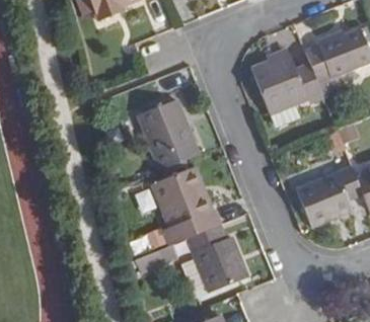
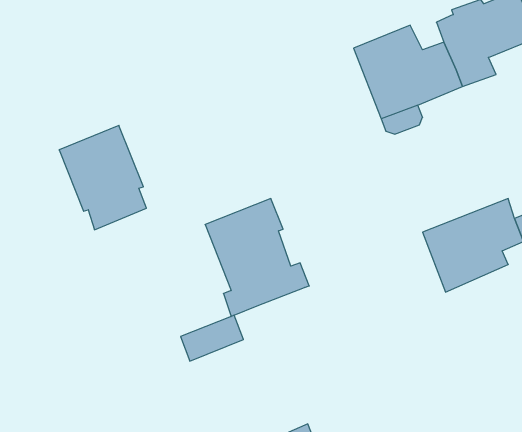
building: [138,100,196,169] -> [59,125,146,230]
building: [188,225,248,292] -> none

